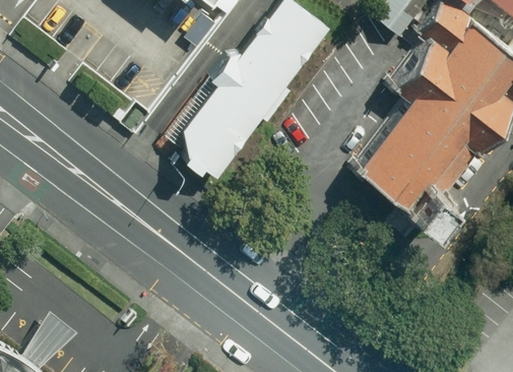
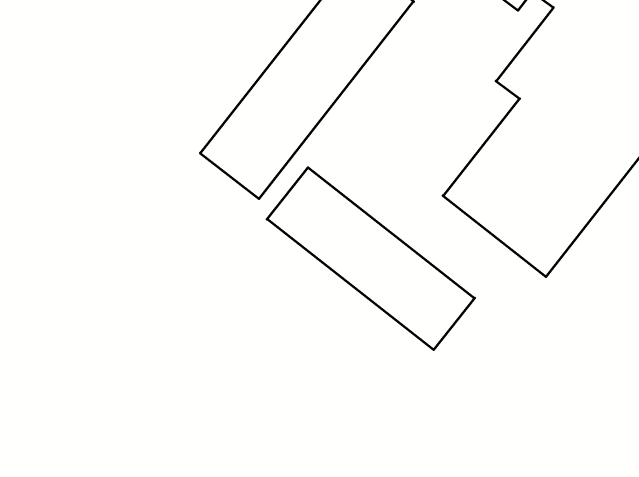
building: none -> [267,168,475,350]

